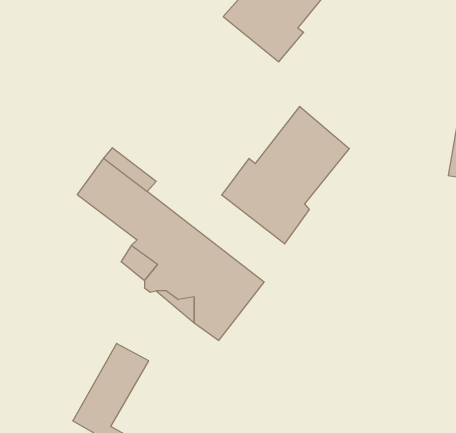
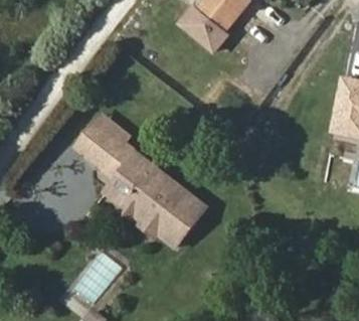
building: [222,106,349,244] -> none

